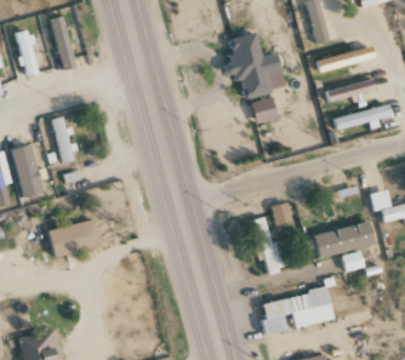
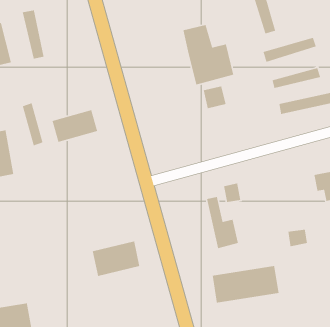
building: none -> [52,109,98,143]
building: [52,219,104,258] -> [92,241,140,277]
building: [309,222,371,258] -> none

